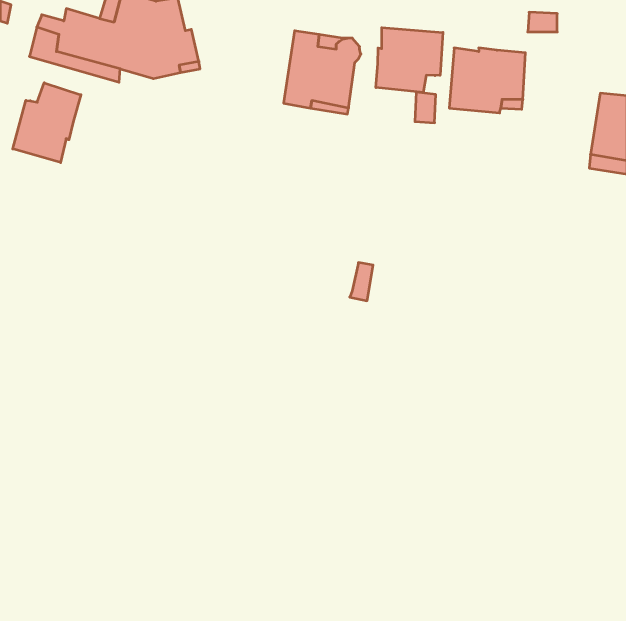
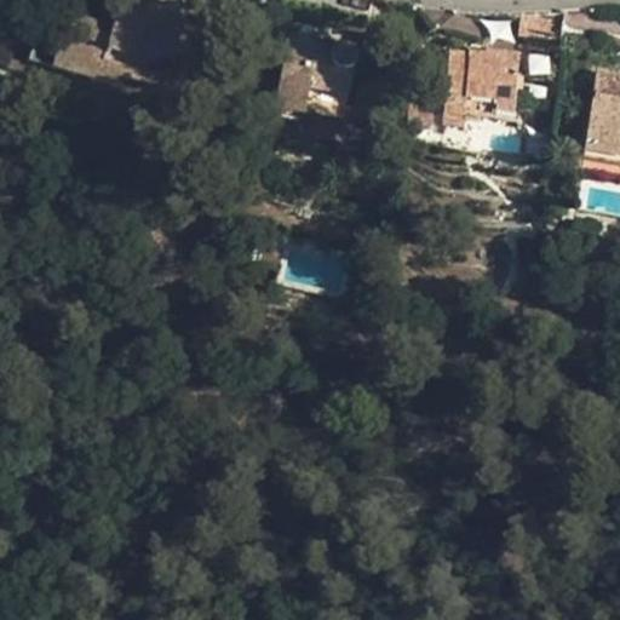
building: [376,28,443,93] -> none
building: [13,83,81,163] -> none

